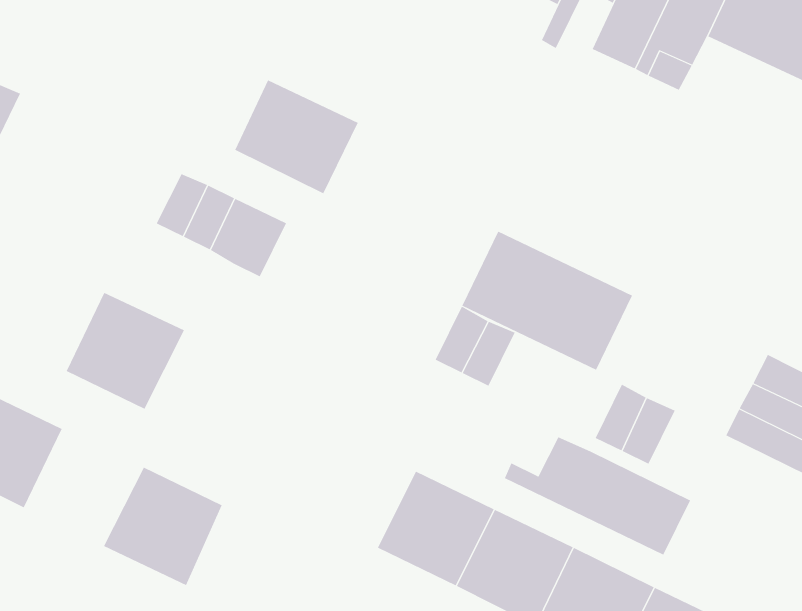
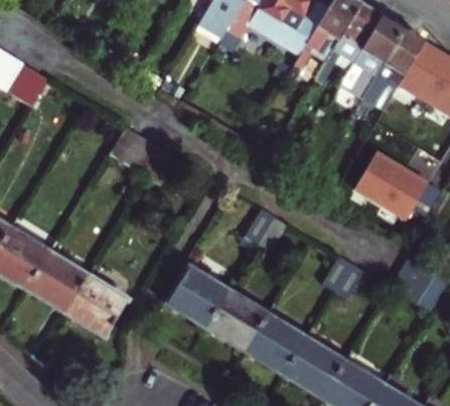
building: [234,80,359,194] -> none
building: [461,231,633,370] -> [340,143,428,219]
building: [66,292,185,409] -> [29,252,92,313]
building: none -> [167,266,230,327]
building: [504,437,691,555] -> none

